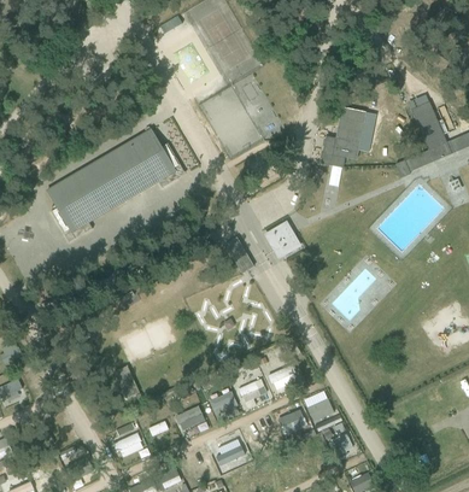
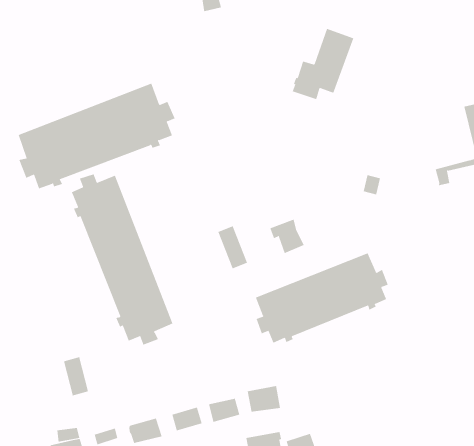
building: [321,106,365,166] -> [292,28,354,100]
building: none -> [71,173,173,346]
building: none -> [255,253,389,344]

